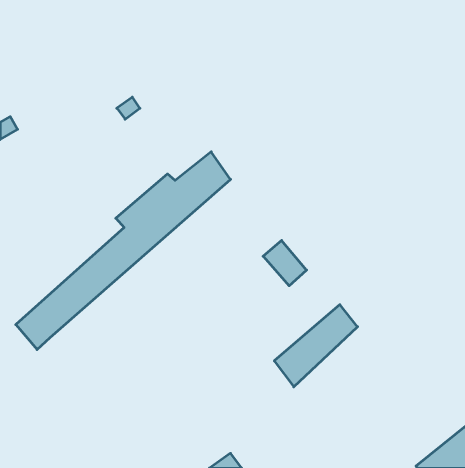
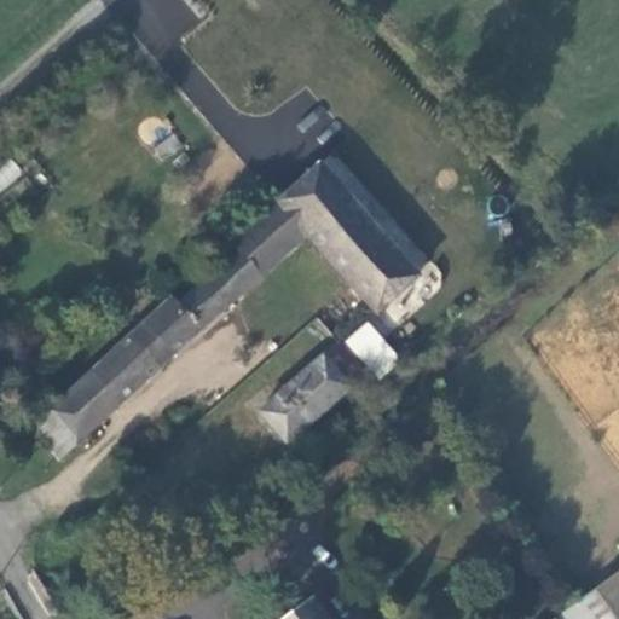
building: none -> [287,160,424,308]
building: [274,305,358,387] -> [264,332,372,440]

